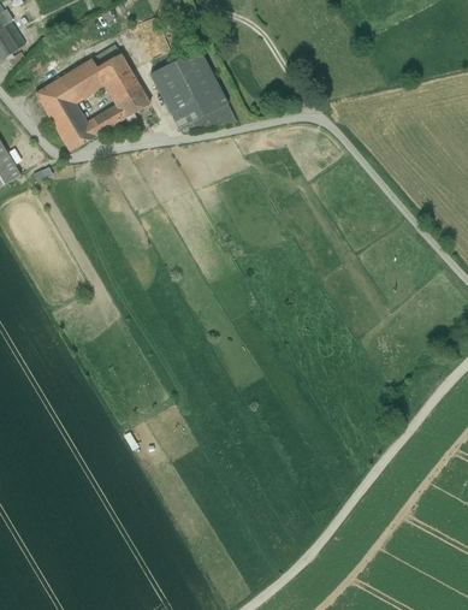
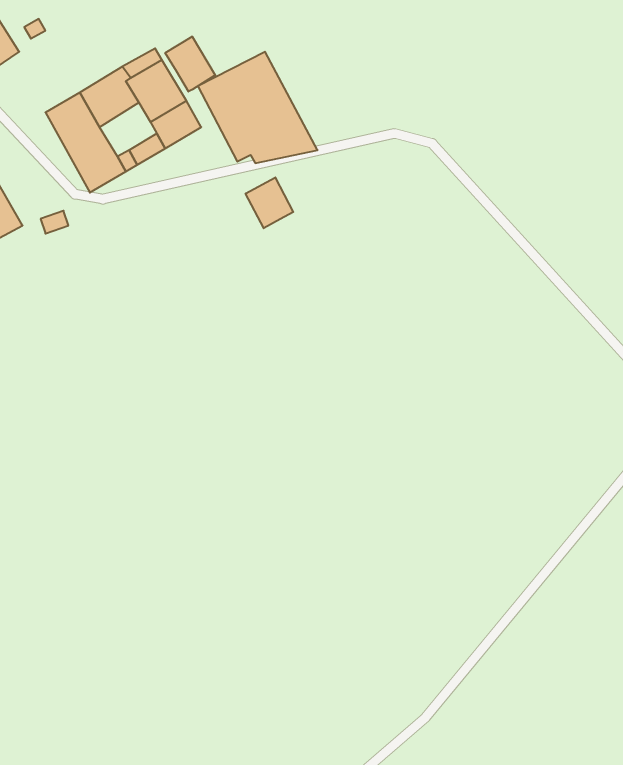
building: none -> [165,36,215,92]
building: none -> [246,177,293,228]

